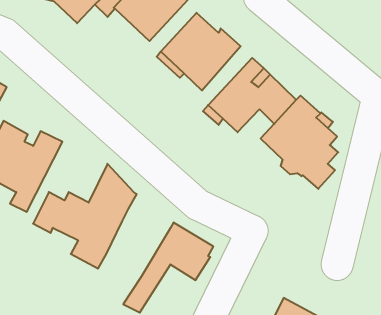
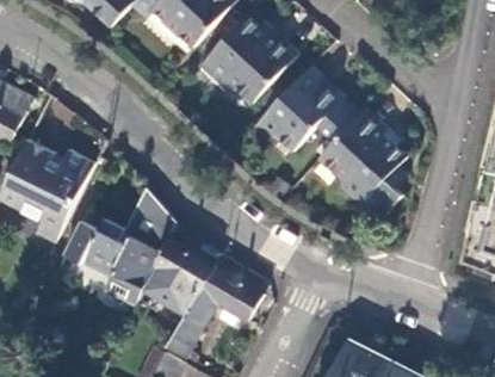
building: none -> [144,239,221,316]

